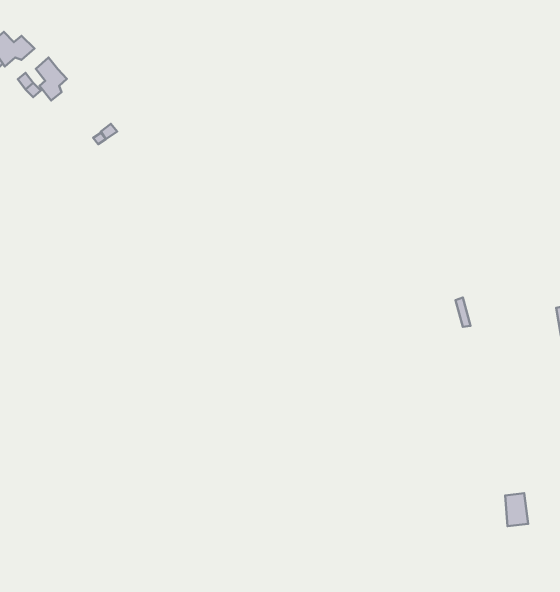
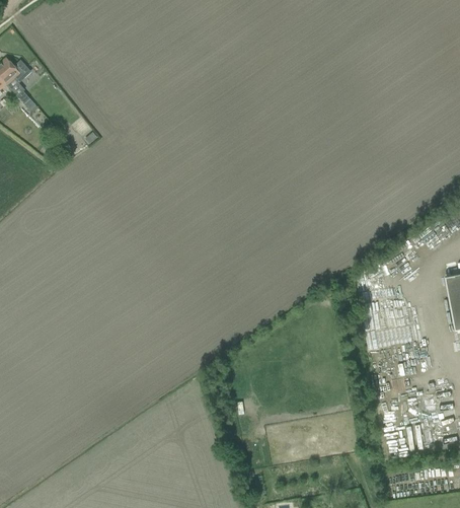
building: [36,58,67,101] -> none

